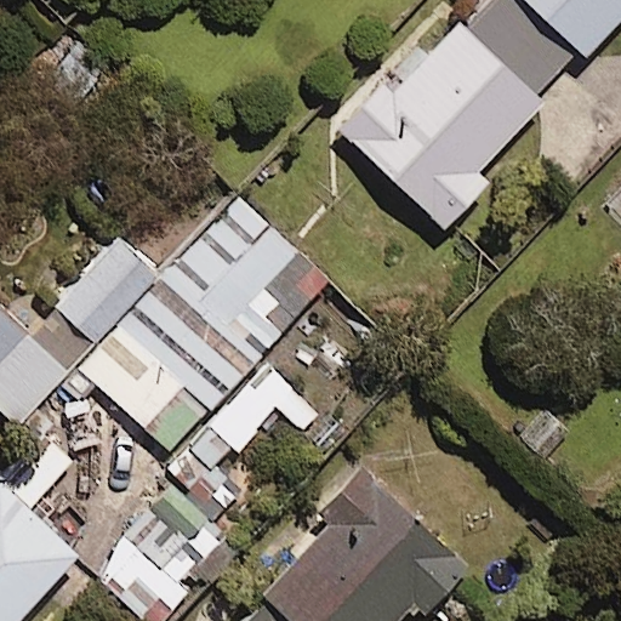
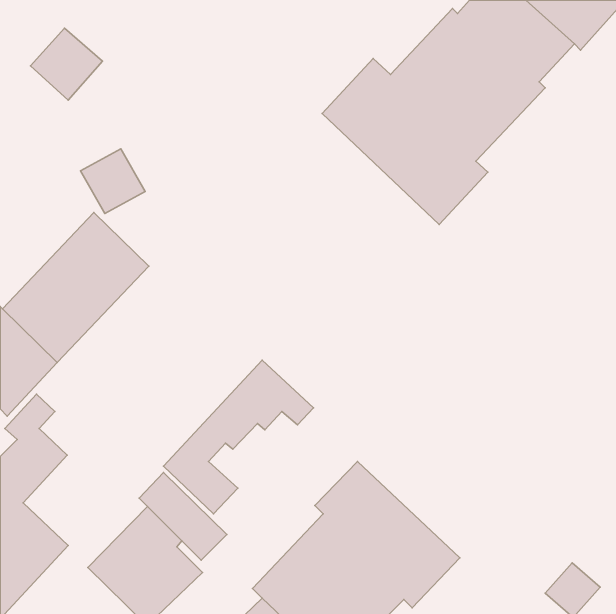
building: [59,199,326,451] -> none

